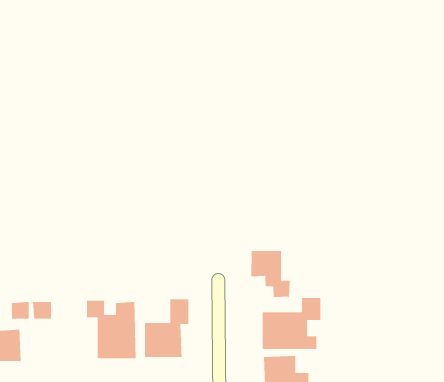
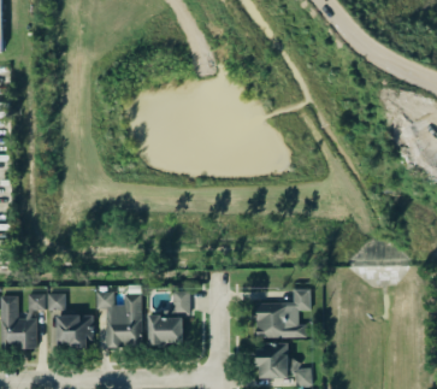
building: [251,250,290,298] -> none
building: none -> [57,314,93,344]

